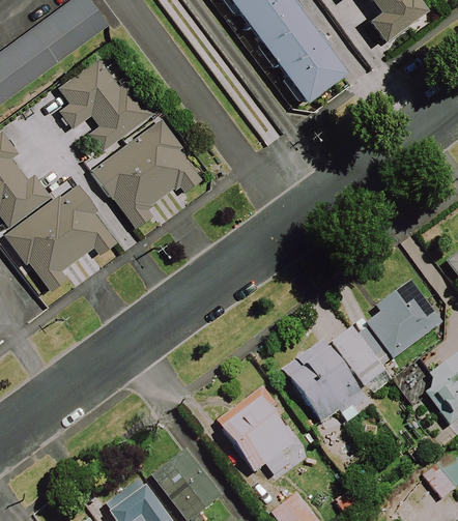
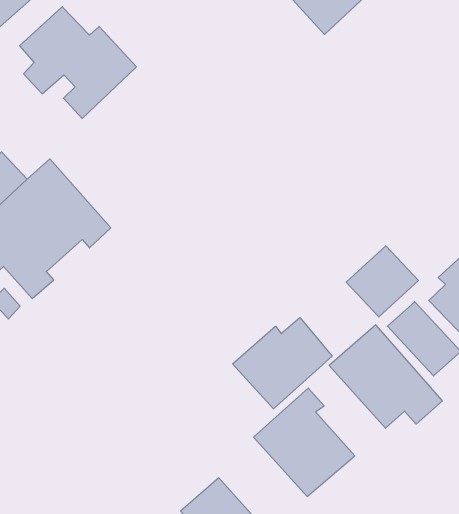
building: [93,119,204,227] -> none
building: none -> [346,246,418,317]
building: none -> [233,318,332,409]

